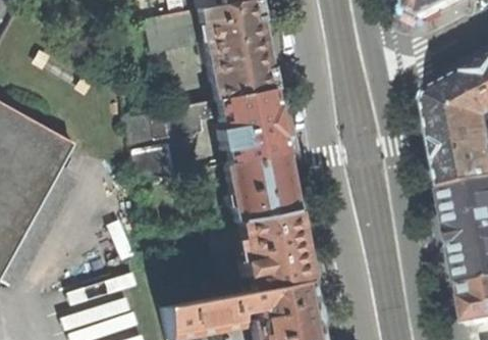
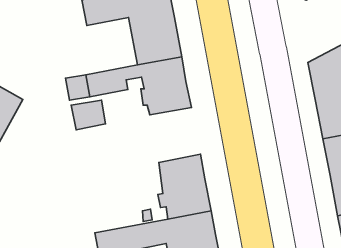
building: [226,153,294,223] -> none

